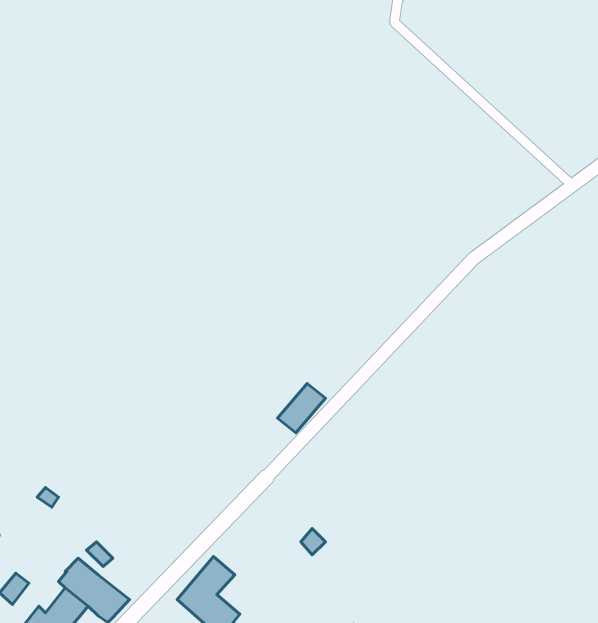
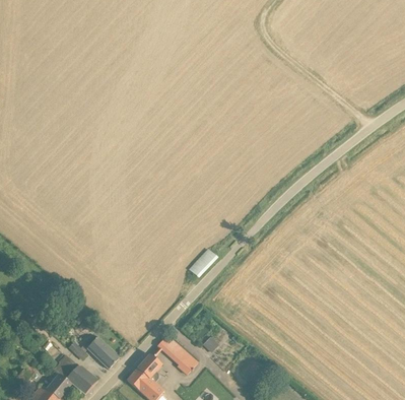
building: none -> [157,335,196,374]
building: none -> [86,337,118,369]

